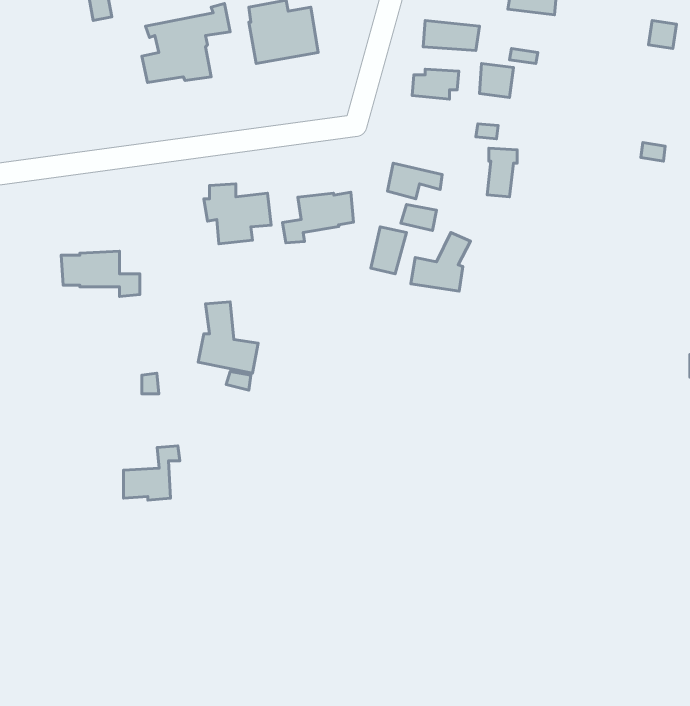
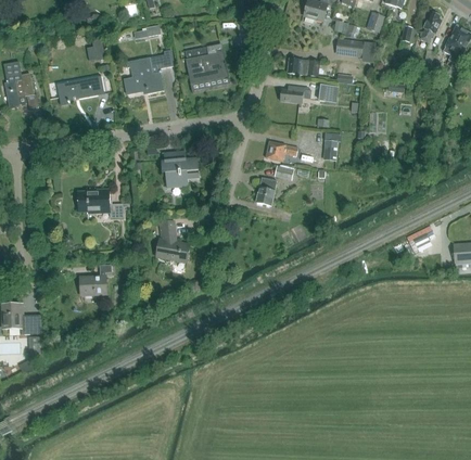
building: none -> [56,74,105,104]
building: [283,192,354,243] -> none
building: [411,232,470,291] -> none
building: [123,446,180,500] -> [80,264,113,295]

